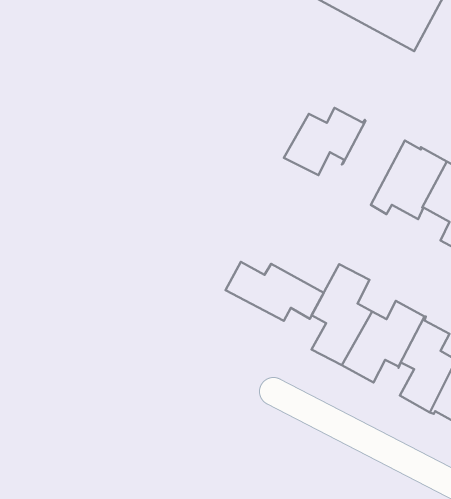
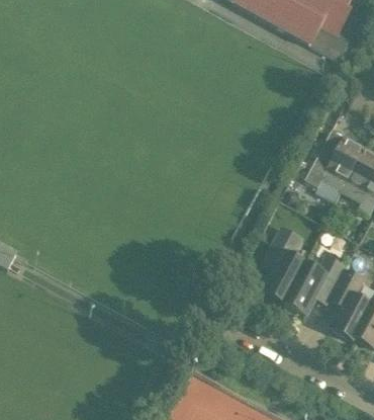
building: [284,108,366,175] -> none
building: [226,262,324,321] -> none

